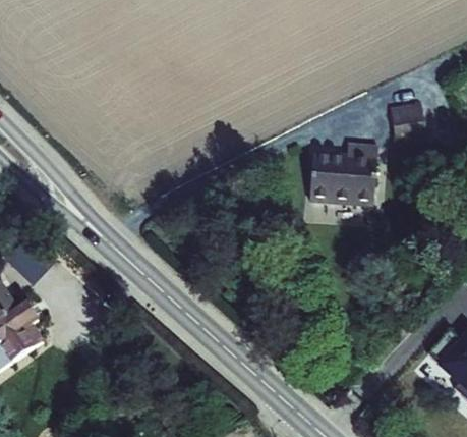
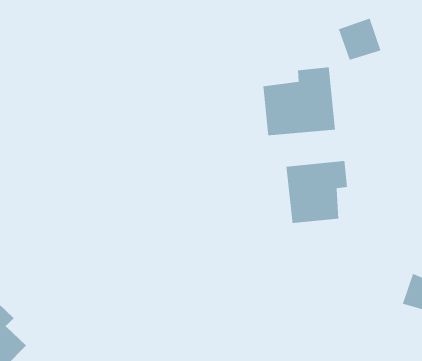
building: none -> [286,160,348,224]

